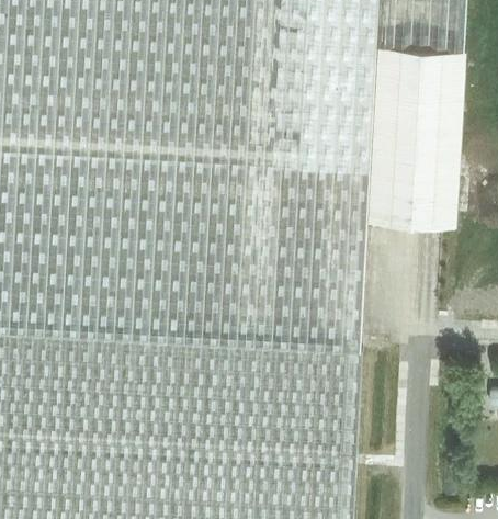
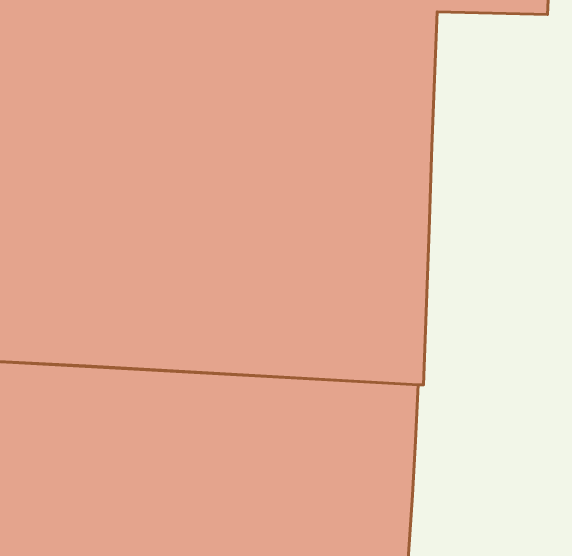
building: [367,50,463,228] -> none

